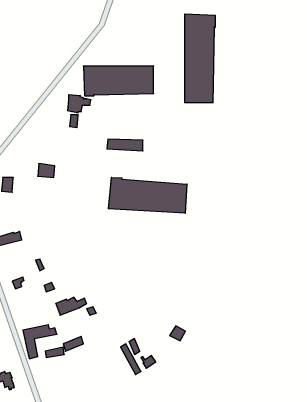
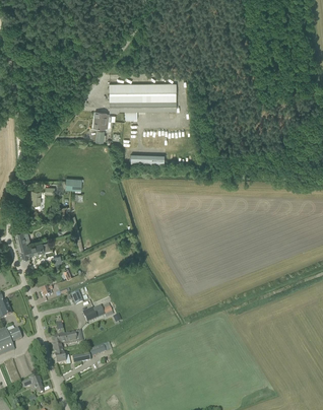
building: [185,14,215,103] -> none
building: [108,177,187,213] -> none

